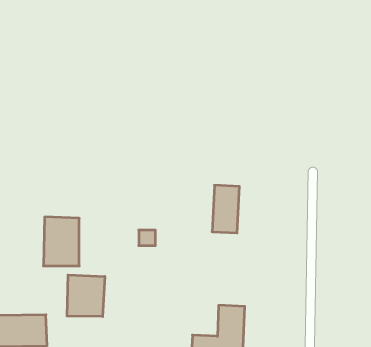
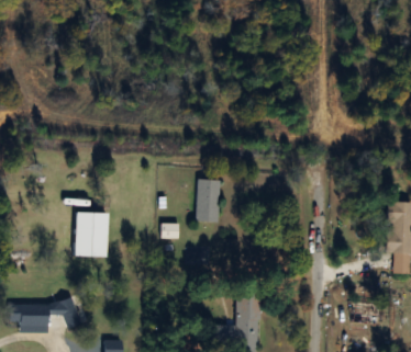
building: [212,185,239,233] -> [196,179,221,223]
building: [67,275,105,317] -> none

